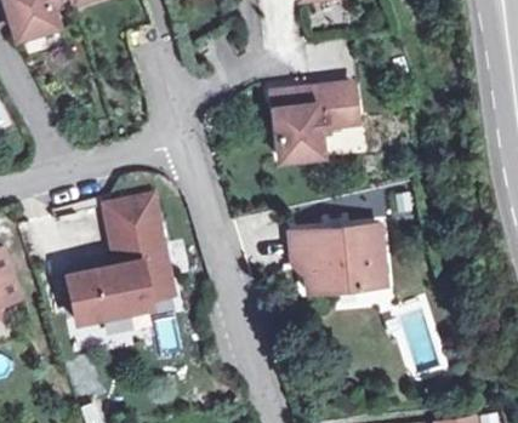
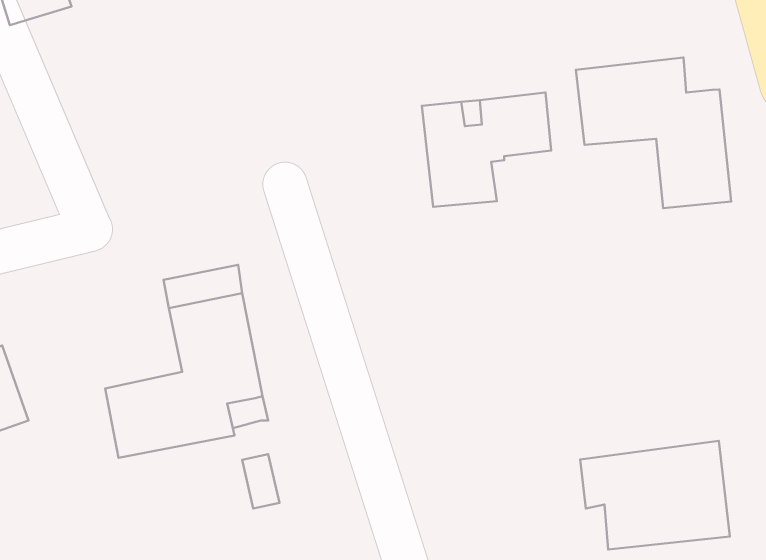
building: none -> [576,58,731,208]
building: [284,223,381,293] -> [580,441,730,550]

